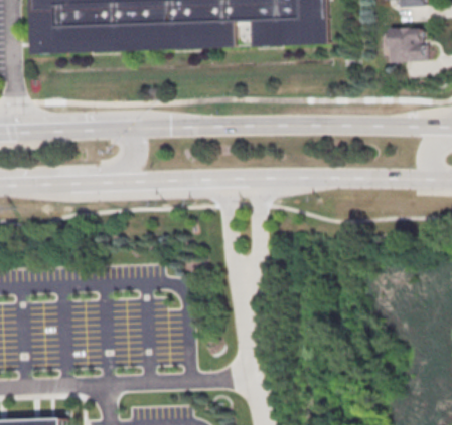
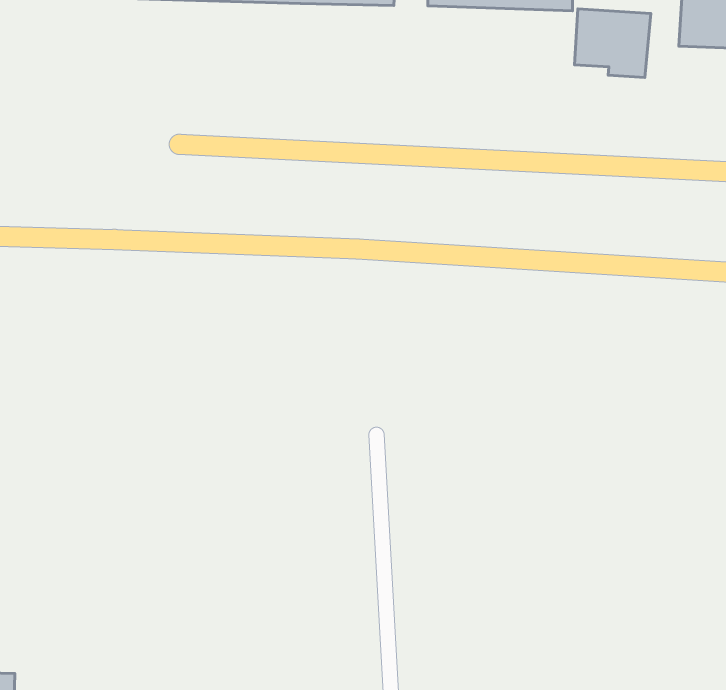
building: none -> [575,9,651,78]

